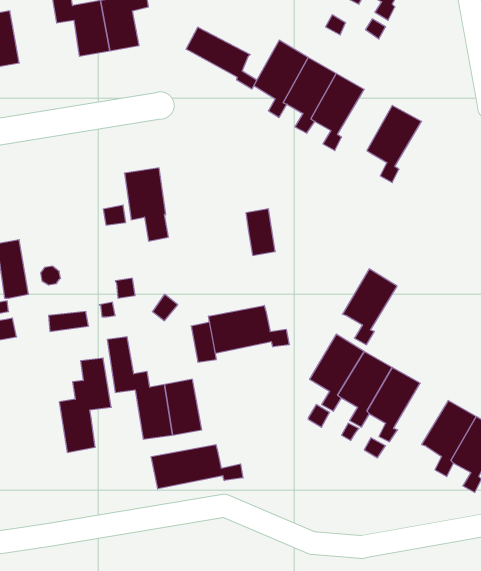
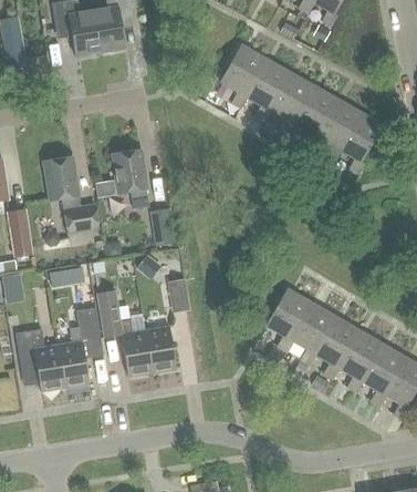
building: [186,27,257,89] -> none
building: none -> [290,83,335,146]
building: none -> [337,110,383,174]
building: none -> [44,155,98,232]
building: [246,209,275,255] -> [149,207,174,246]
building: [342,269,397,345] -> [336,328,382,391]
building: [209,305,289,354] -> none
building: none -> [15,328,65,389]
building: [151,445,243,489] -> none

